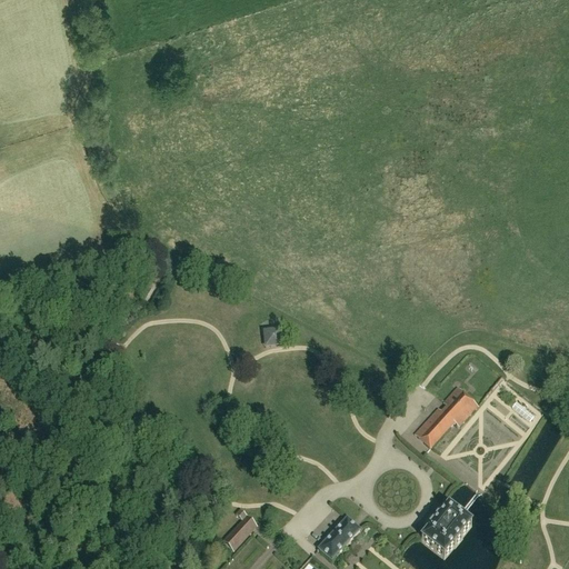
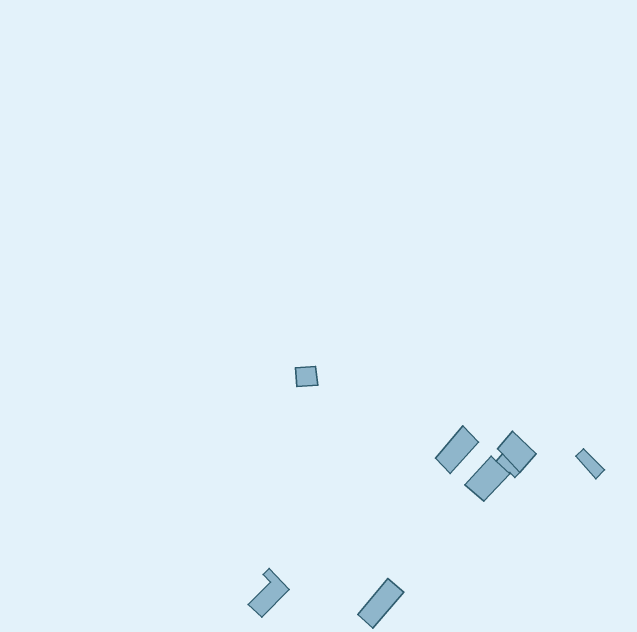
building: none -> [436,426,478,473]
building: [421,503,471,556] -> none

